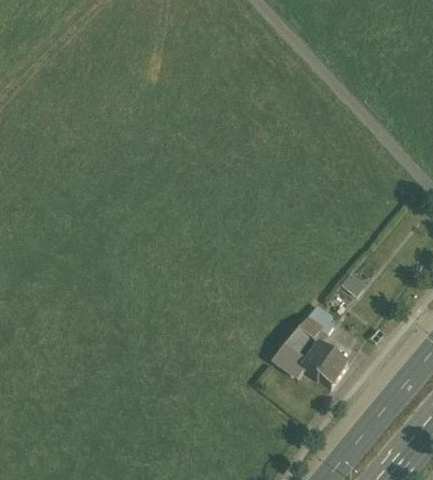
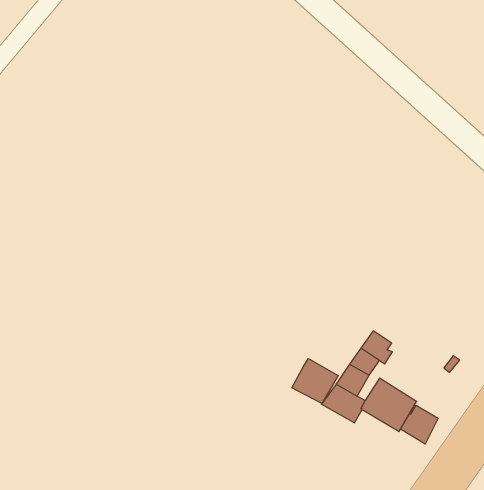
building: none -> [292,359,338,404]
building: none -> [400,405,438,444]

